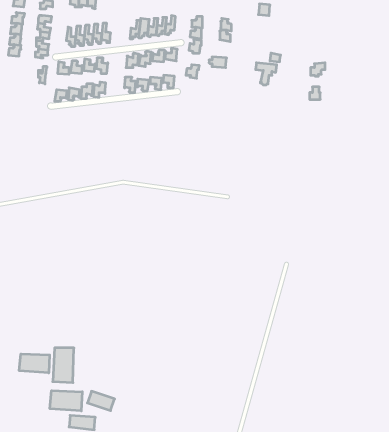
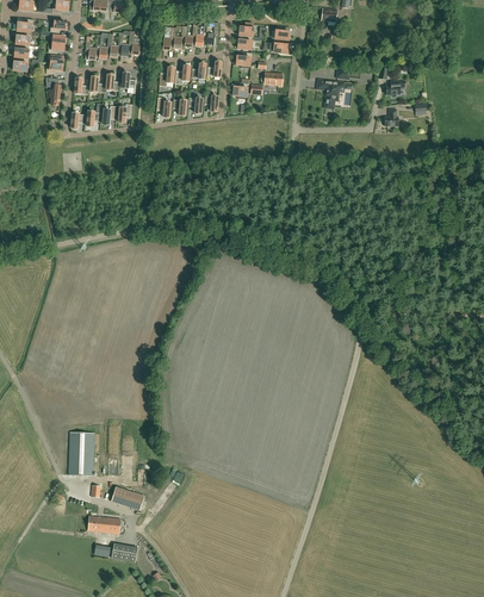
building: [19,354,50,373] -> none
building: [50,391,82,411] -> none

